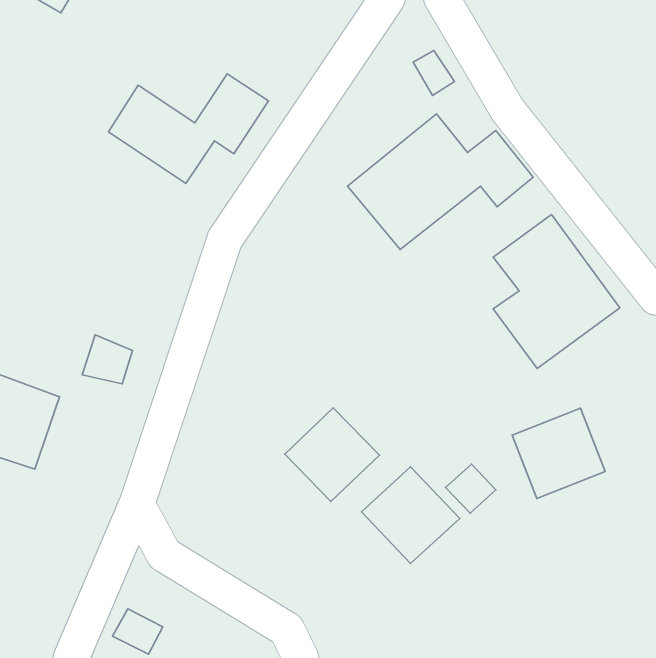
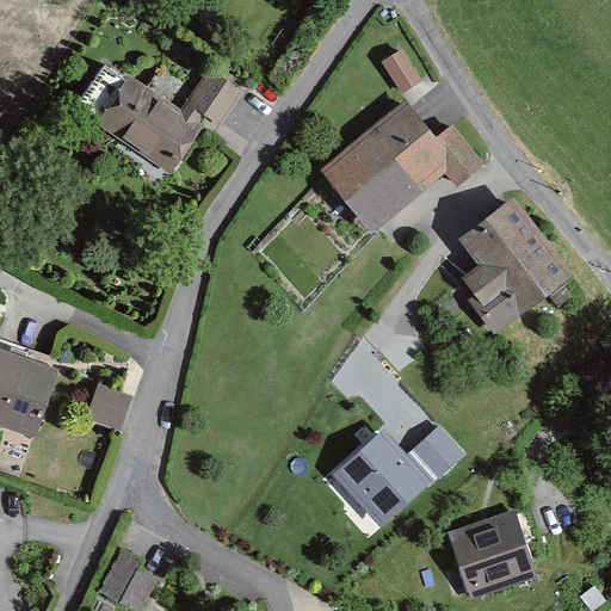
building: [82,335,133,384] -> [84,378,130,424]
building: [285,408,380,502] -> none
building: [512,408,605,499] -> [449,510,535,593]

